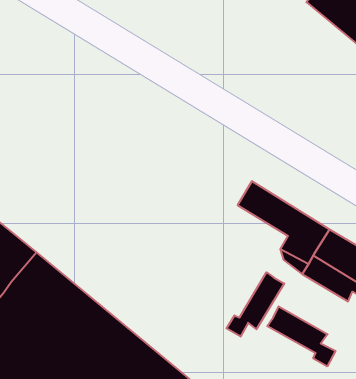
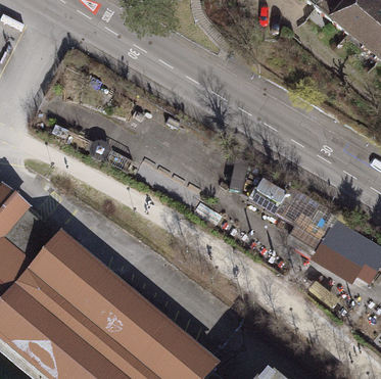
building: [226,272,284,337] -> none
building: [267,306,336,366] -> none

